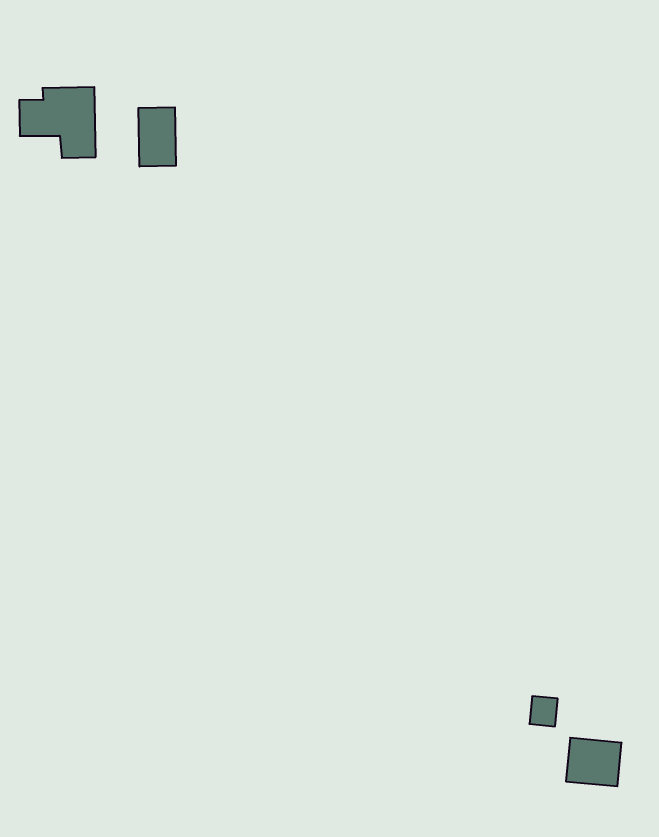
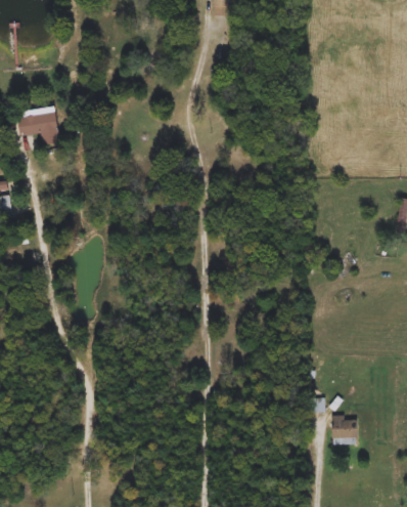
building: [138,107,176,167] -> none

